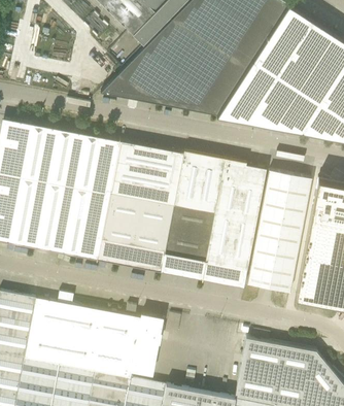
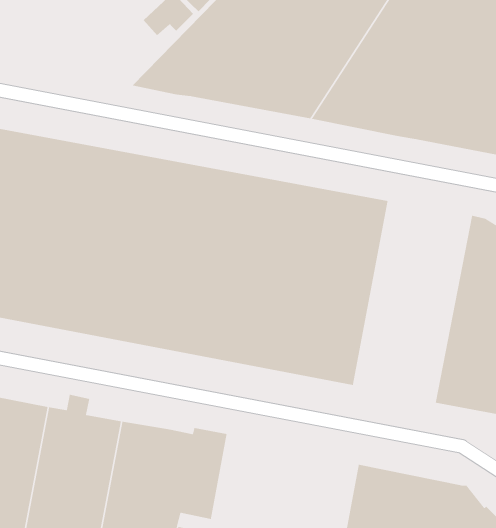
building: [247,170,311,292] -> none

